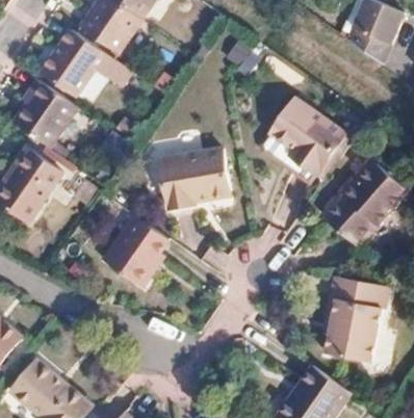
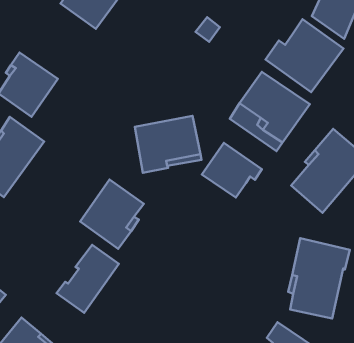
building: [43,28,131,95] -> none
building: none -> [265,19,343,92]
building: none -> [202,143,262,197]
building: none -> [57,245,119,313]

